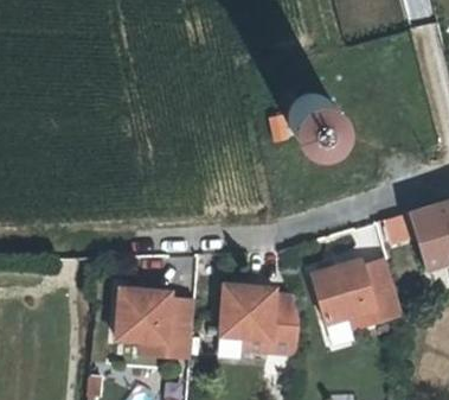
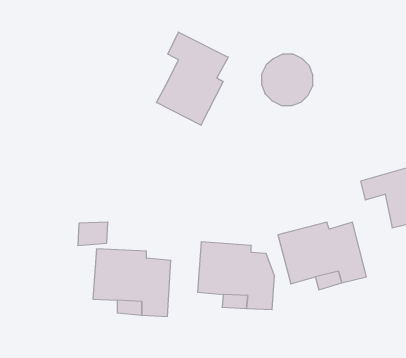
building: none -> [156,32,228,125]

